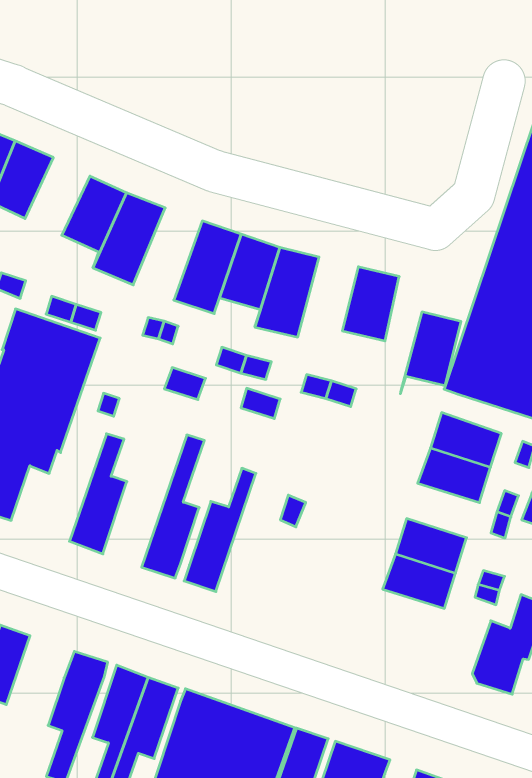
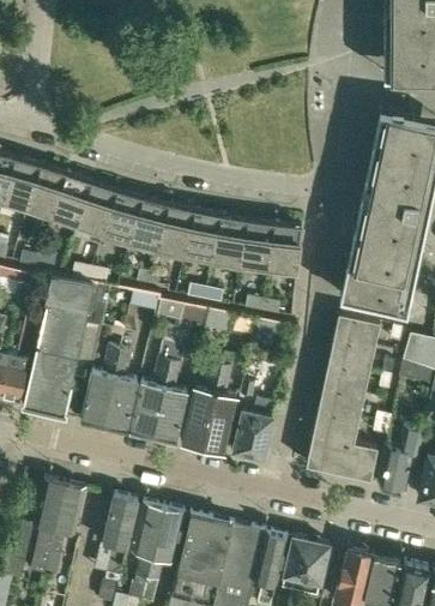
building: none -> [53,174,92,224]
building: none -> [128,199,169,259]
building: [400,312,461,394] -> [240,221,274,276]
building: none -> [81,349,121,425]
building: none -> [131,344,174,437]
building: none -> [204,367,236,452]
building: none -> [324,362,370,395]
building: none -> [234,400,278,461]
building: none -> [307,434,377,480]

